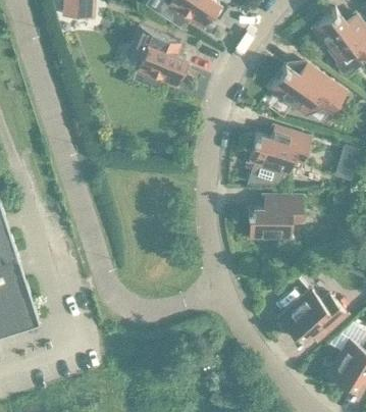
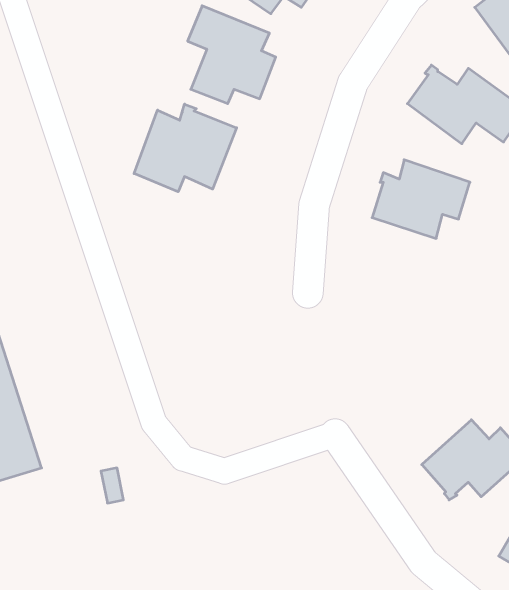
building: none -> [134,104,237,192]
building: [247,196,302,237] -> none

